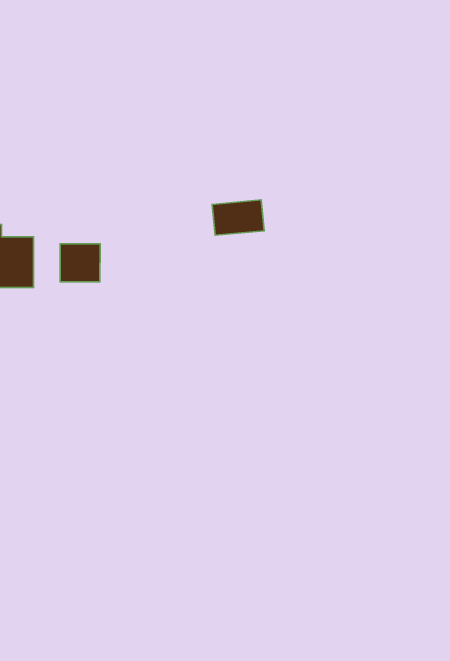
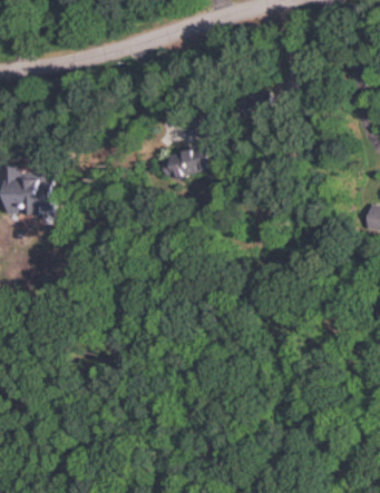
building: [60,244,100,282] -> none

